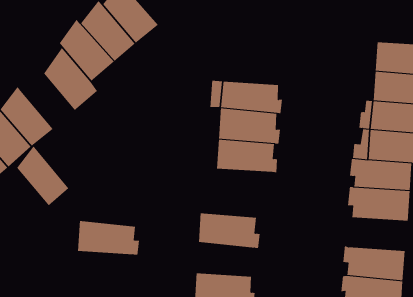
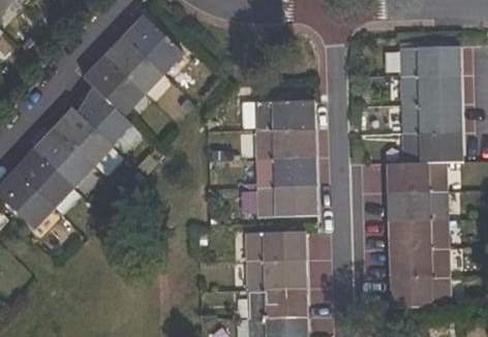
building: [16,145,69,206] -> [59,106,113,164]
building: none -> [256,185,316,215]
building: none -> [388,219,449,250]
building: [77,221,140,255] -> [246,261,307,290]

